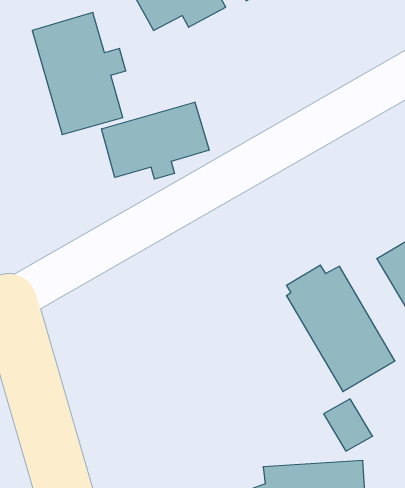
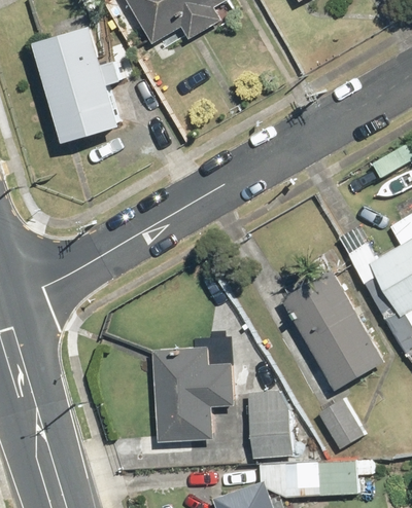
building: [102,102,209,179] -> none
building: none -> [152,350,231,446]
building: none -> [247,389,291,459]

